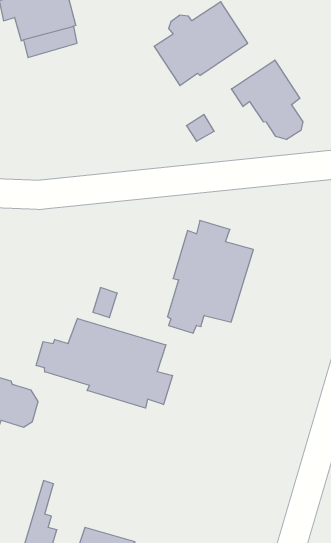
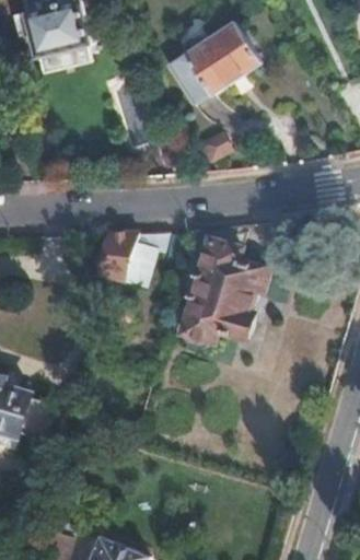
building: [231,60,303,140] -> none
building: none -> [97,230,165,284]
building: [36,318,172,408] -> none

